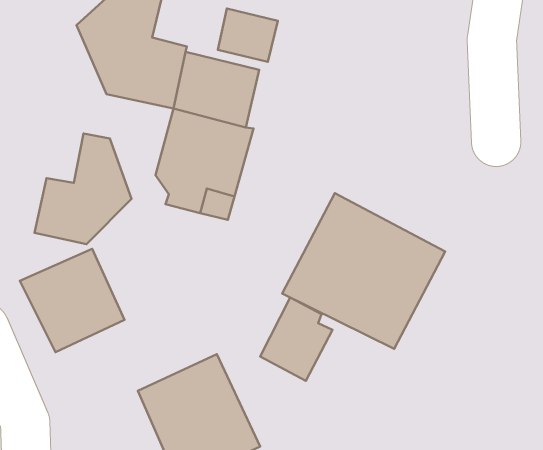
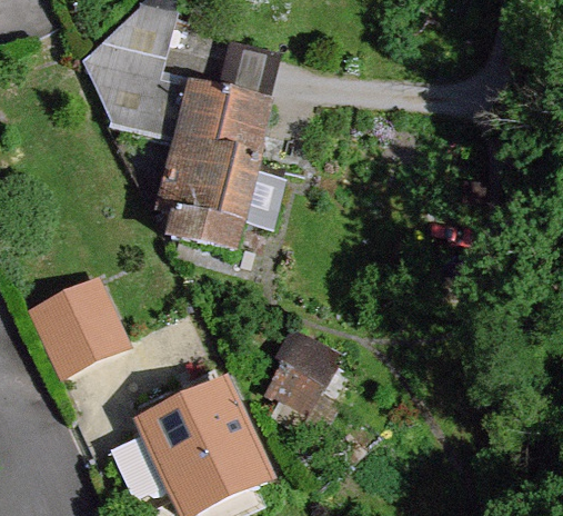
building: [35,133,132,244] -> none
building: [282,193,445,349] -> none

